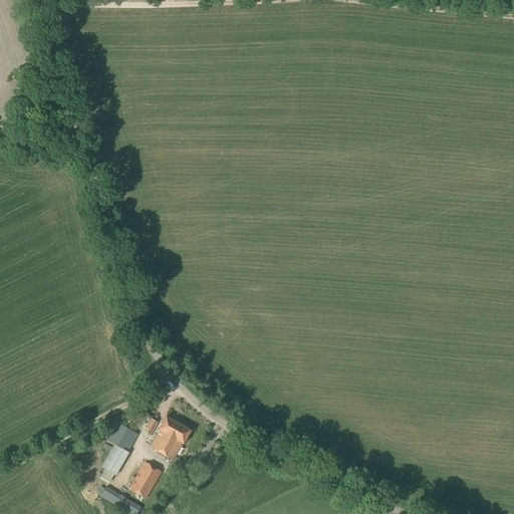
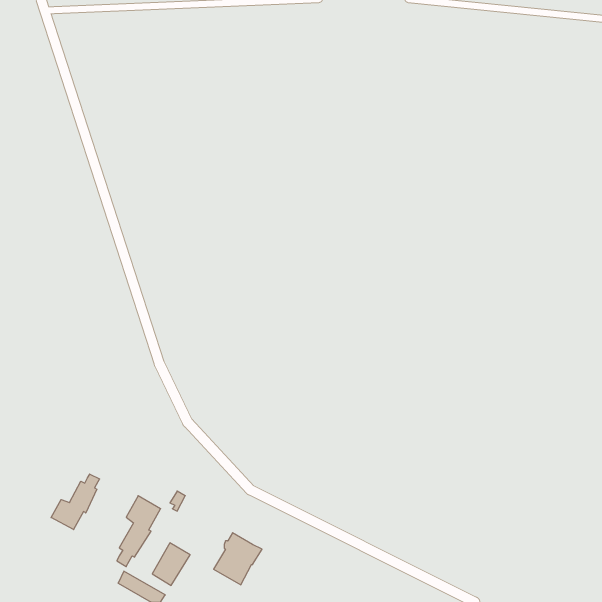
building: none -> [51,474,100,530]
building: [151,416,192,460] -> [214,533,262,585]

